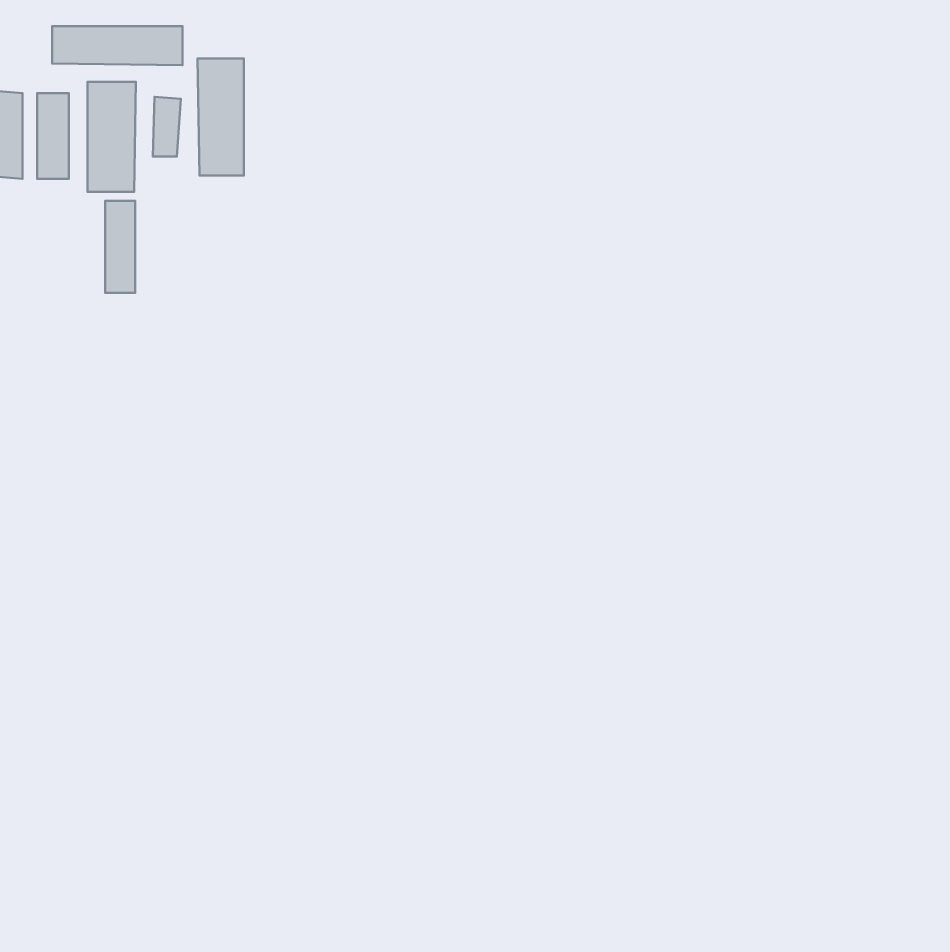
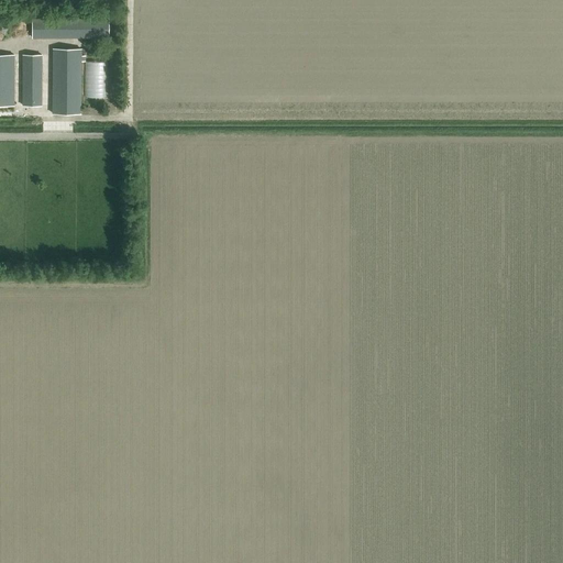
building: [198,58,244,176] -> none
building: [105,201,135,293] -> none

